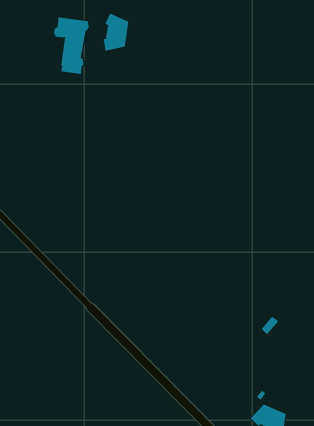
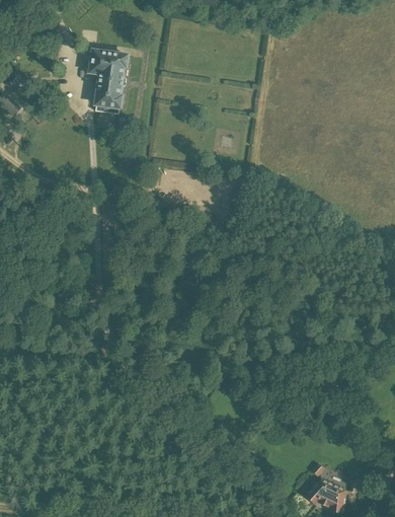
building: [103,13,129,52] -> none

